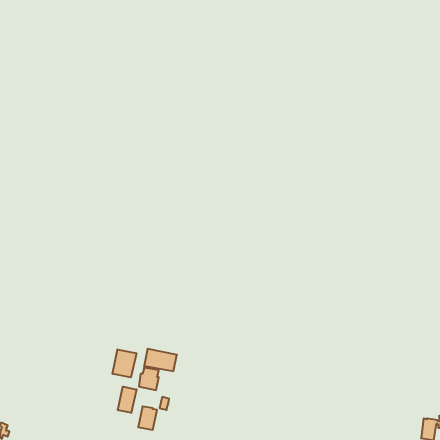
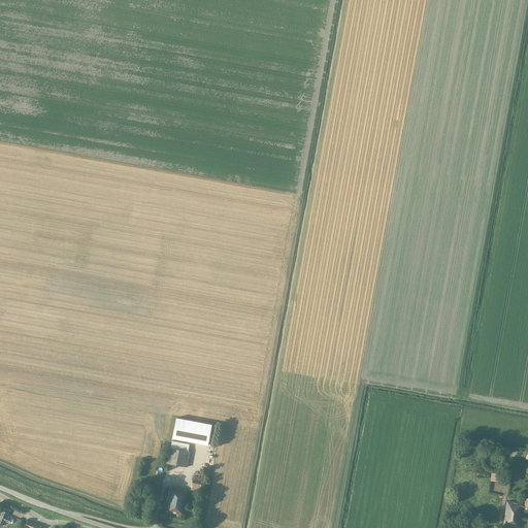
building: [113,349,136,377] -> none
building: [118,387,137,413] -> none

